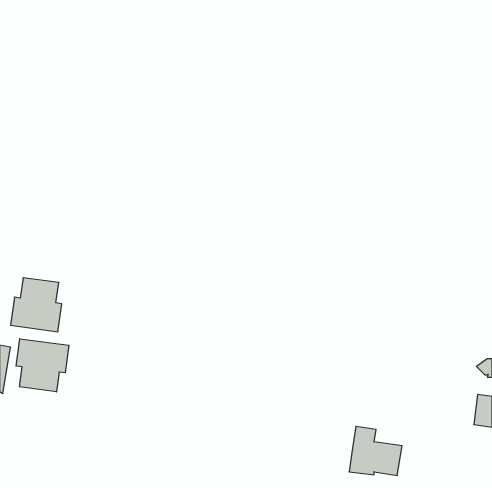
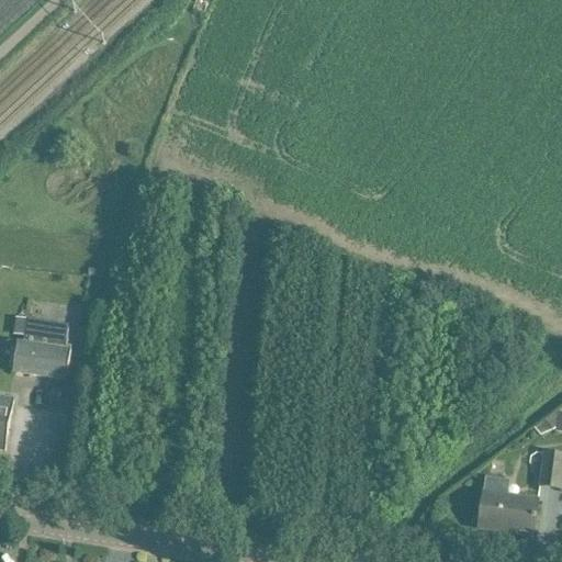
building: [16,339,69,392] -> none
building: [349,426,402,476] -> [477,474,538,530]

